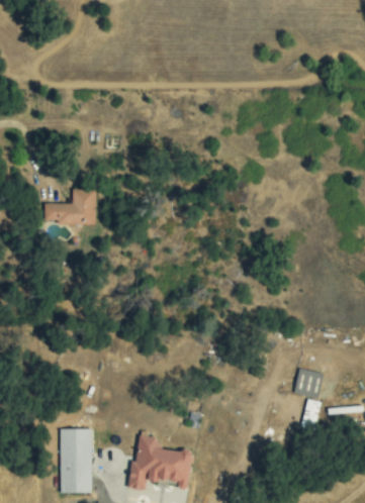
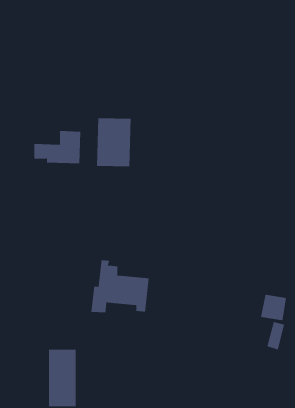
building: none -> [97,117,131,167]
building: [127,431,192,490] -> [91,260,149,313]

